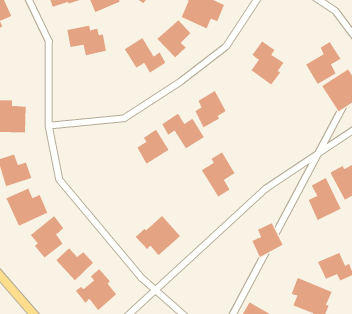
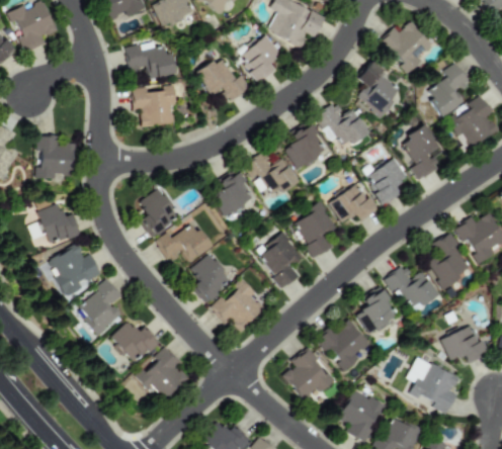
building: none -> [380,21,433,75]
building: none -> [132,85,175,125]
building: none -> [315,103,368,147]
building: none -> [400,124,442,181]
building: none -> [365,158,408,204]
building: none -> [328,182,377,224]
building: none -> [140,188,179,237]
building: none -> [155,222,211,262]
building: none -> [257,233,303,288]
building: none -> [189,254,231,301]
building: none -> [384,265,438,311]
building: none -> [318,317,368,371]
building: none -> [282,348,336,399]

